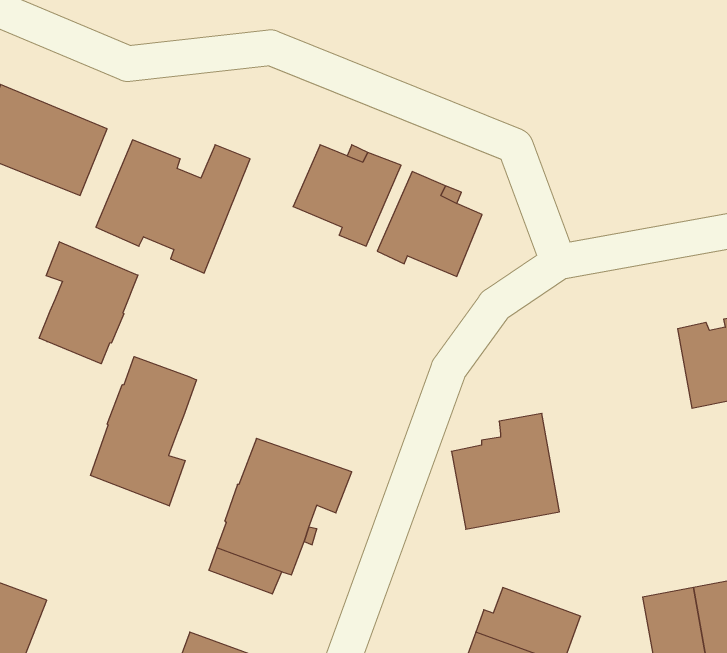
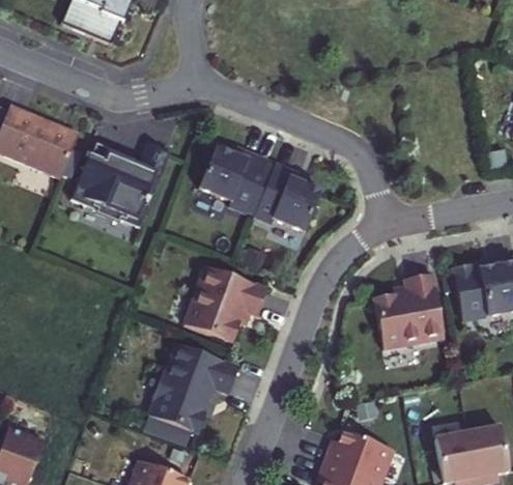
building: [39,242,138,364] -> none
building: none -> [189,260,272,337]
building: [90,357,196,506] -> none
building: [451,413,559,529] -> [375,269,446,345]

